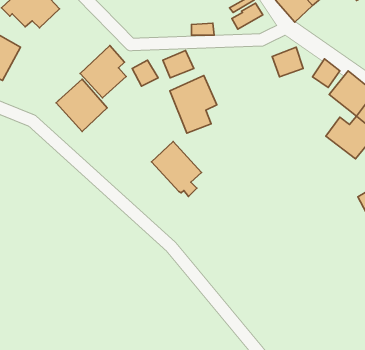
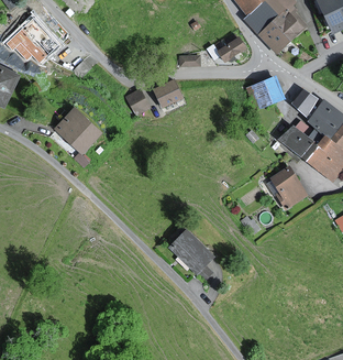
building: [80,46,126,98] -> none
building: [170,76,217,133] -> none
building: none -> [279,116,332,160]
building: [152,142,202,196] -> [170,229,217,280]
building: none -> [270,166,308,207]

